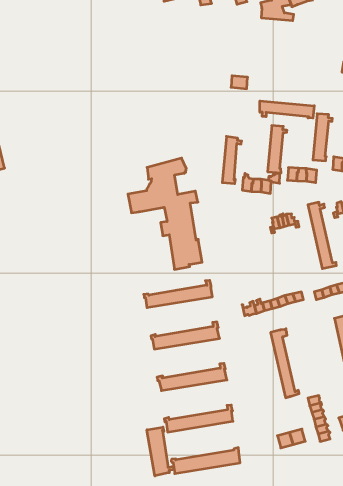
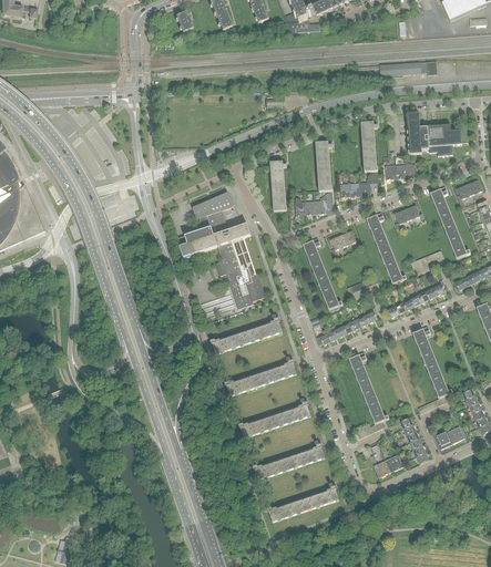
building: [260,101,314,118] -> none
building: none -> [303,240,341,310]
building: [147,427,174,476] -> none

